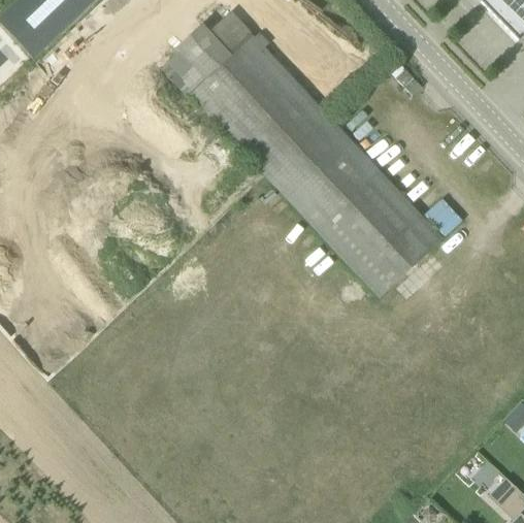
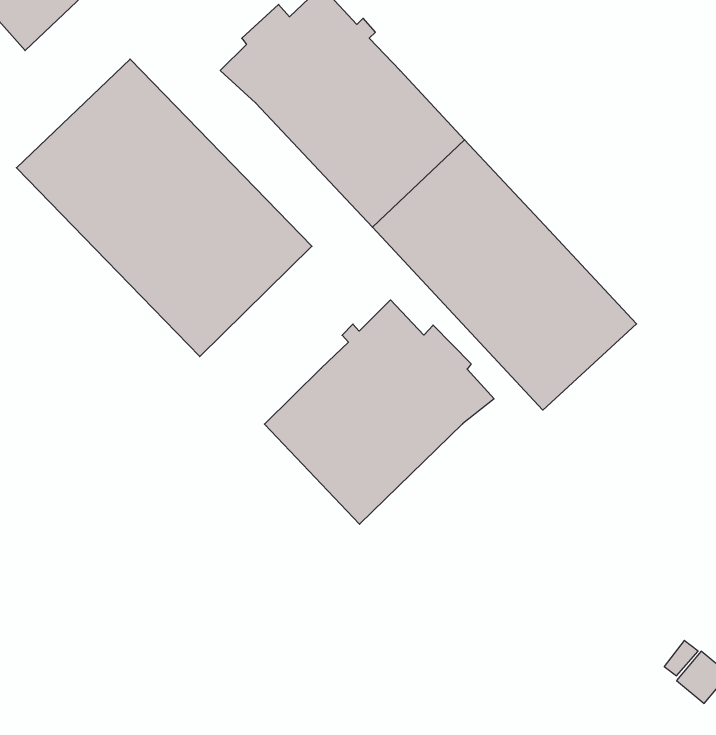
building: none -> [16,59,312,357]
building: none -> [264,300,494,524]

